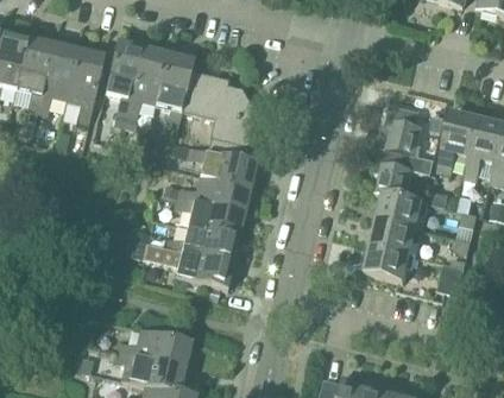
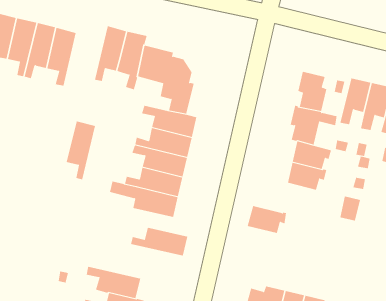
building: [105,39,143,114] -> [66,121,96,180]
building: [364,245,415,280] -> [247,205,287,234]
building: [118,329,191,366] -> [130,227,188,256]

